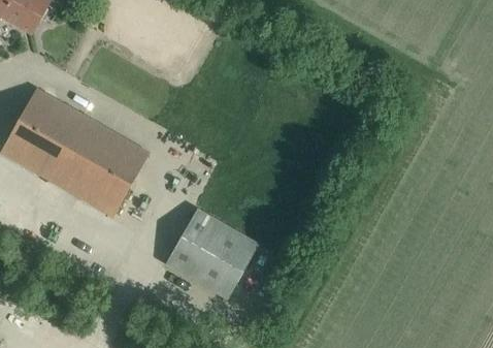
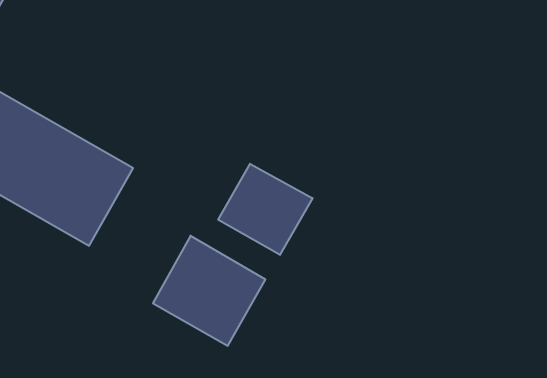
building: none -> [218,164,313,255]

